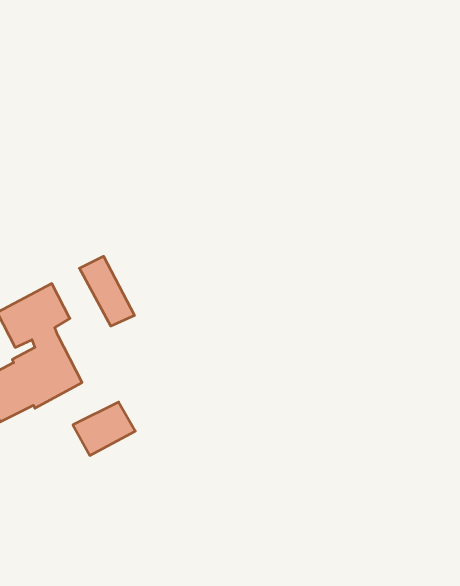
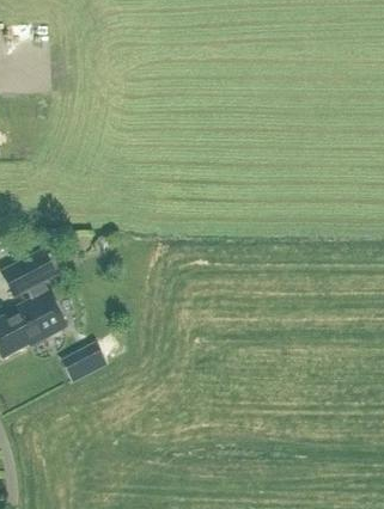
building: [79,256,134,326] -> none

